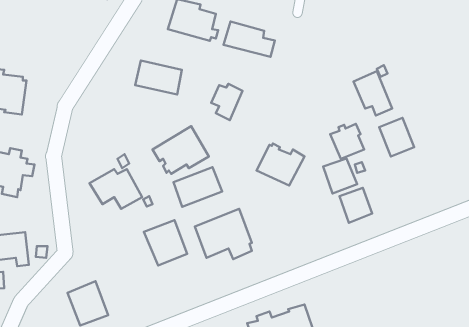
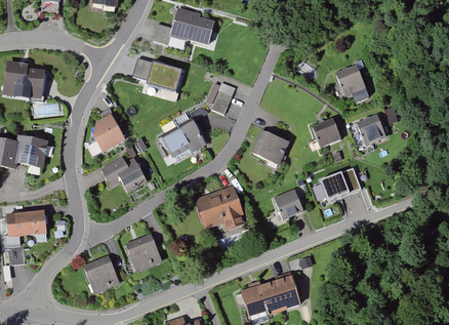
building: [224,21,275,57] -> none
building: none -> [93,107,126,152]
building: [323,158,357,193] -> [272,193,301,224]
building: [174,167,222,207] -> none
building: [144,220,187,266] -> [123,231,161,271]

